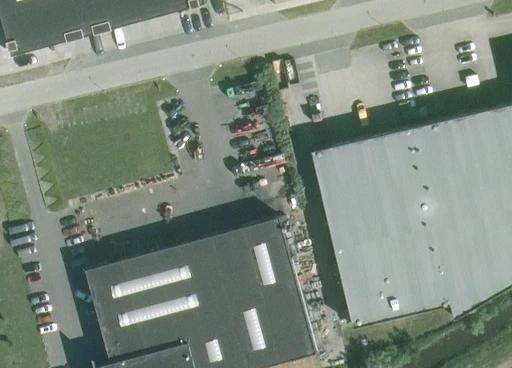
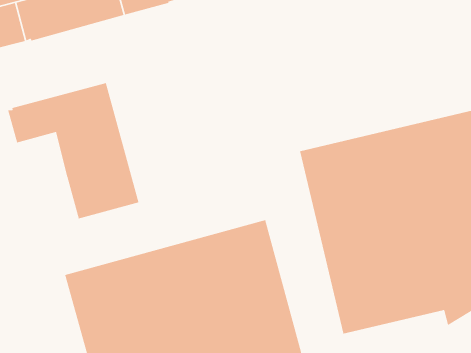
building: none -> [7,82,139,219]

